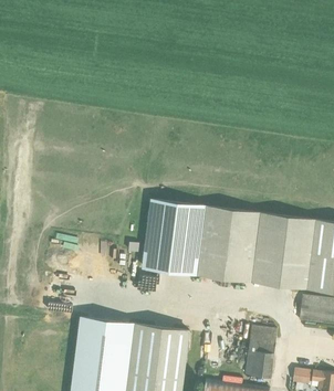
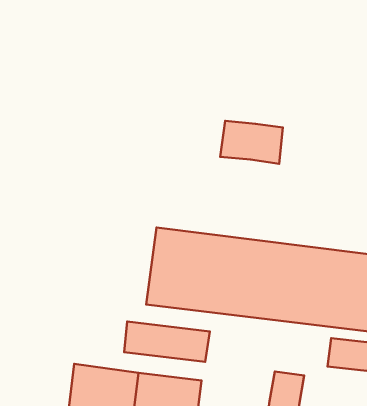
building: none -> [220,121,283,164]
building: none -> [124,321,210,362]

